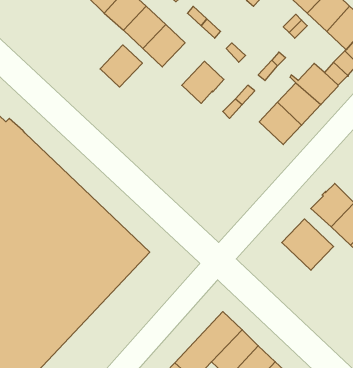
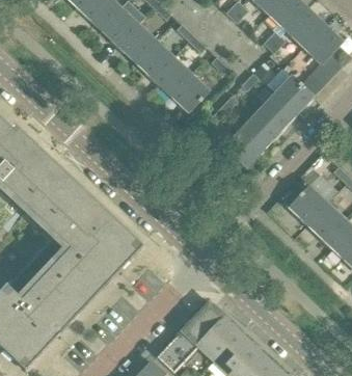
building: [100,45,142,87] -> [153,56,191,95]
building: none -> [223,128,263,166]
building: [282,219,334,270] -> none

